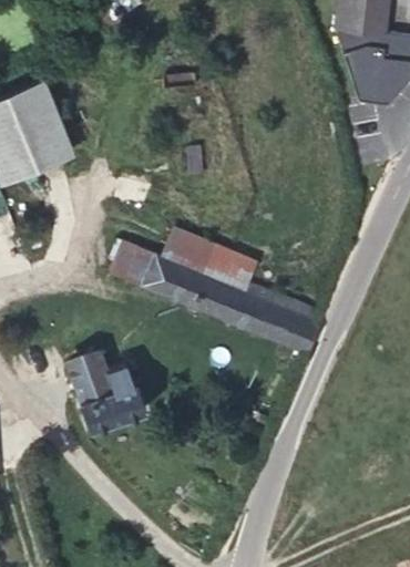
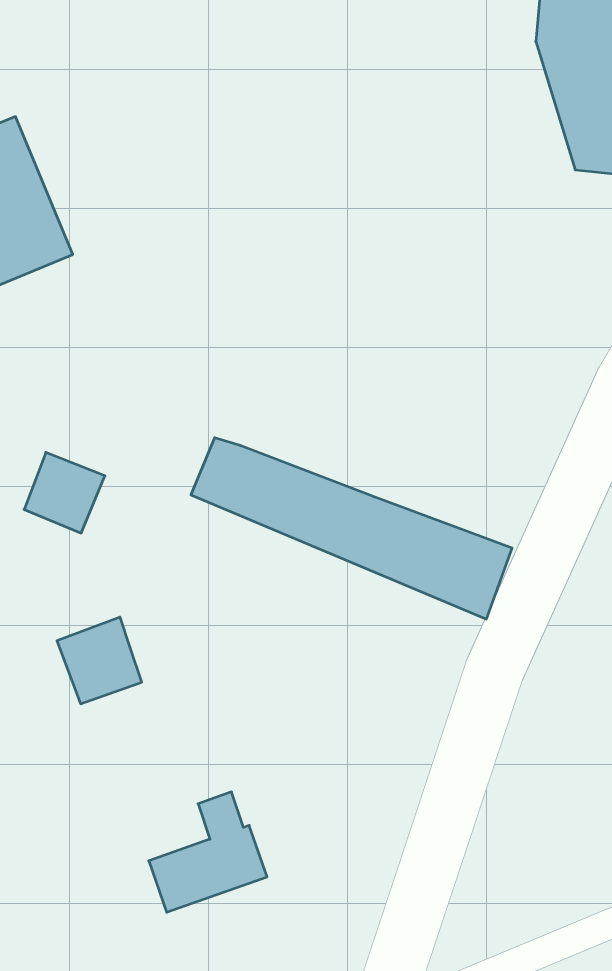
building: [167,231,252,286] -> none
building: [107,239,153,285] -> [24,452,105,533]
building: [78,363,144,431] -> [149,792,267,912]

